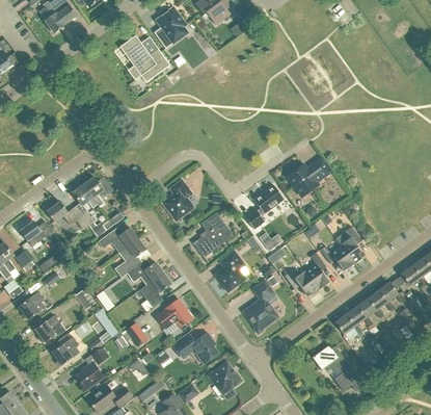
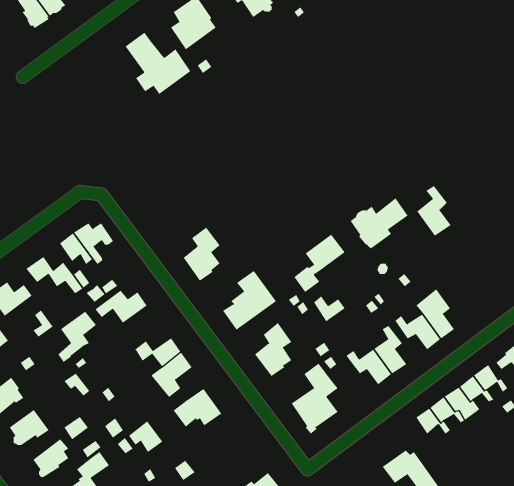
building: none -> [416,185,451,237]
building: [116,238,145,277] -> [57,311,97,363]
building: [173,333,218,363] -> none

